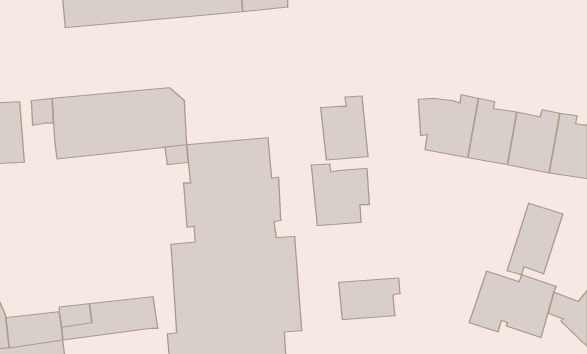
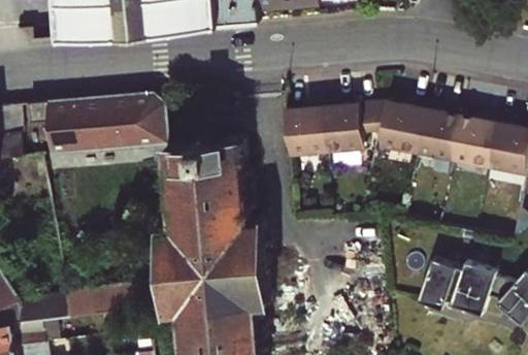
building: [311,164,369,226] -> [323,99,374,154]
building: [507,203,563,275] -> none
building: [339,278,400,320] -> none

